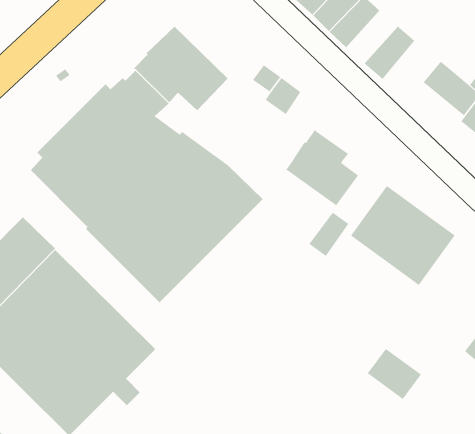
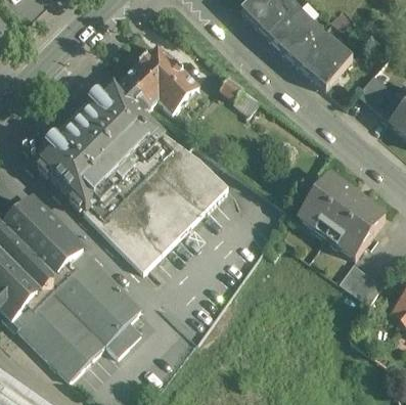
building: none -> [295,33,336,76]
building: [286,129,359,206] -> none
building: [309,212,349,257] -> none
building: [367,348,422,400] -> [337,261,382,303]

